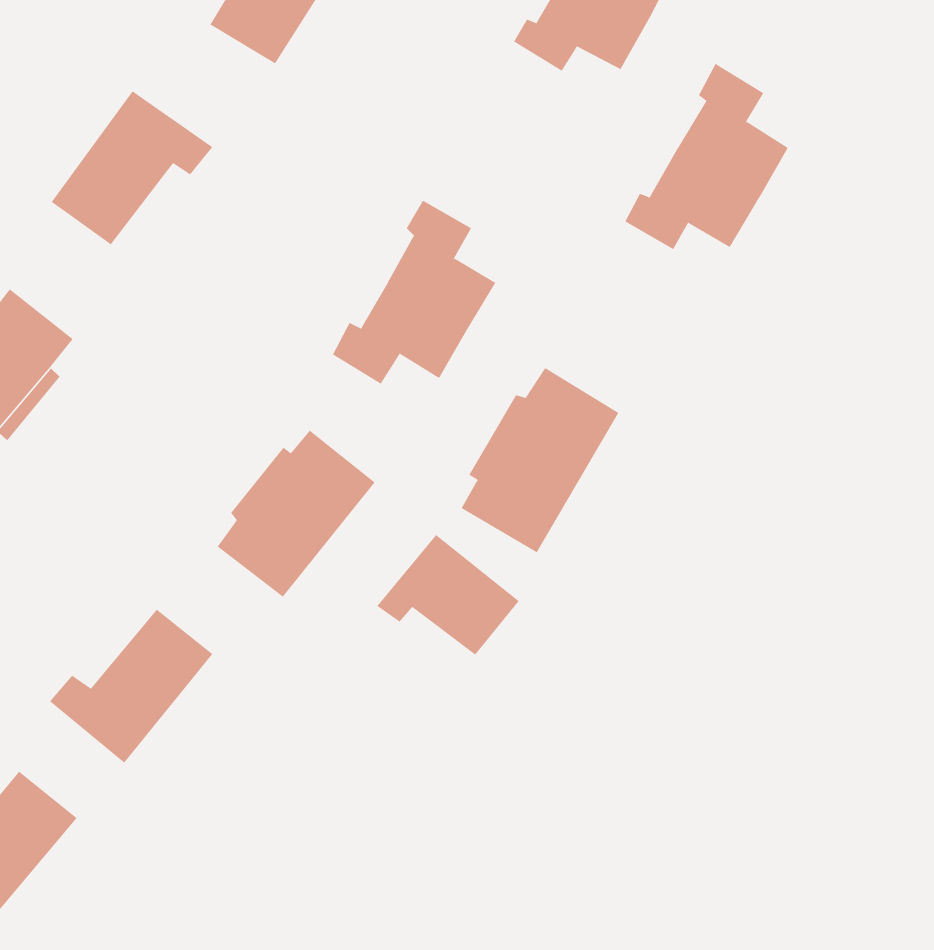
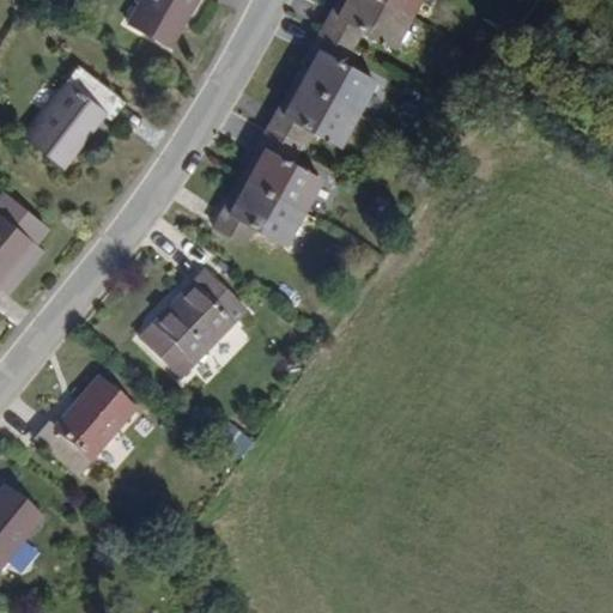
building: [624,63,789,250] -> [268,26,372,145]
building: [461,367,619,553] -> none
building: [377,534,520,655] -> none

